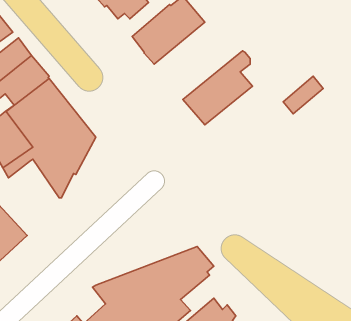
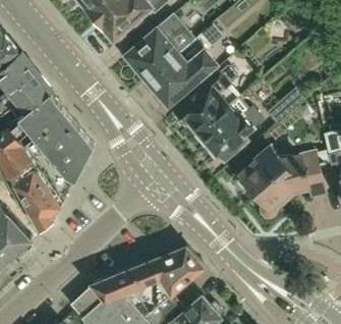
building: none -> [147,41,214,104]
building: none -> [193,100,263,162]
building: none -> [239,147,324,217]
building: none -> [12,169,59,230]

